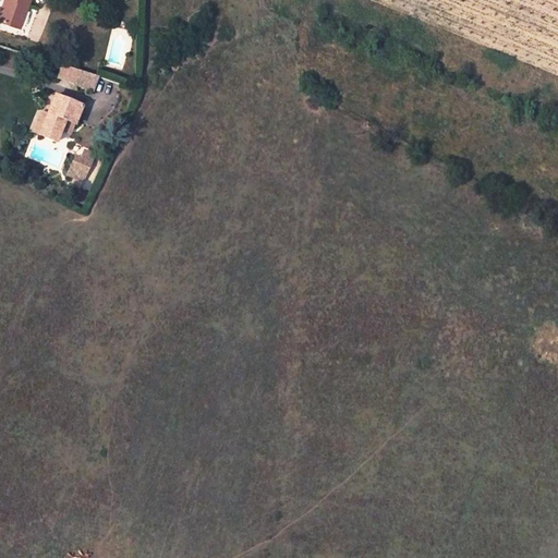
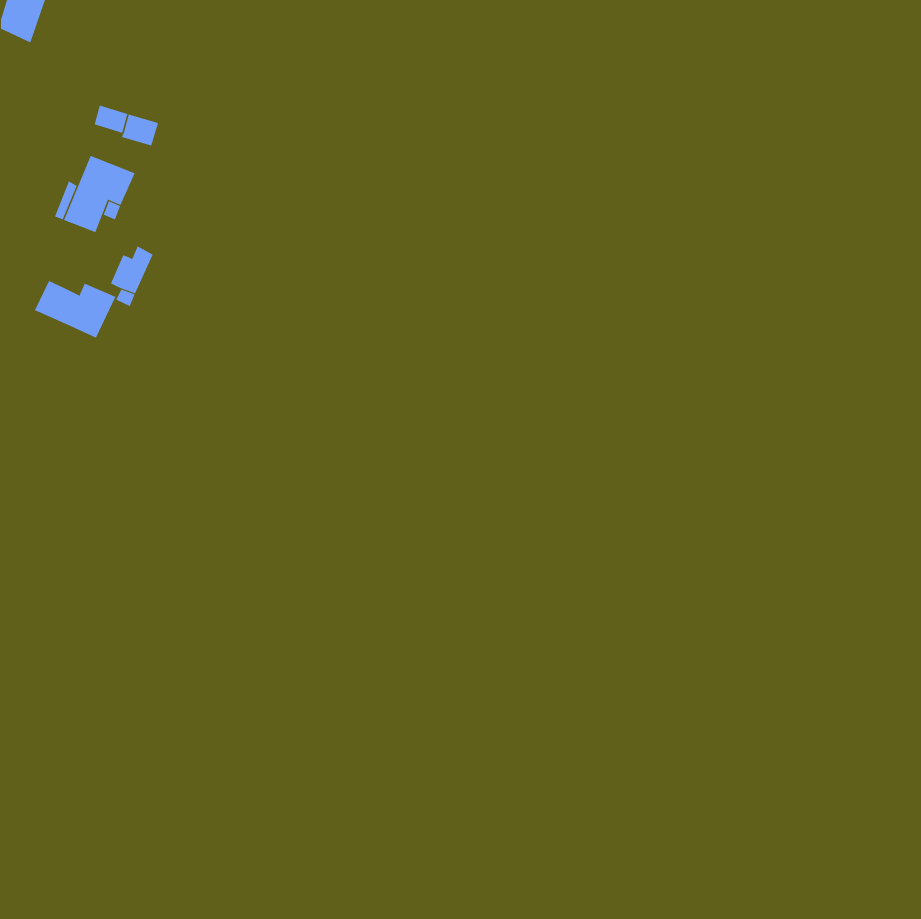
building: none -> [34,280,116,339]

